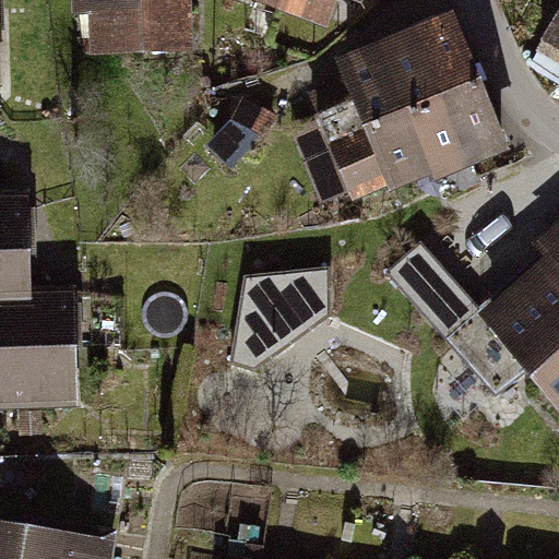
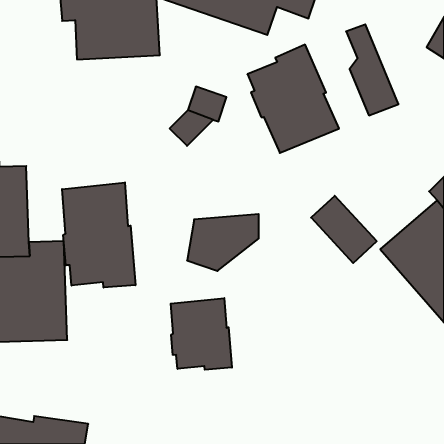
building: [381,35,461,160] -> none
building: none -> [62,182,135,288]
building: none -> [171,298,232,370]

